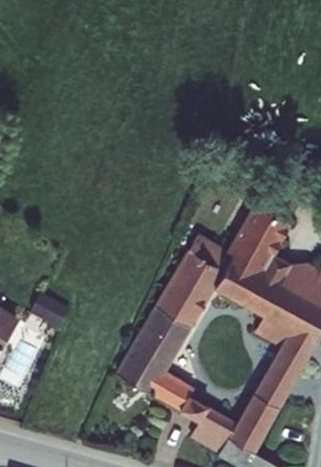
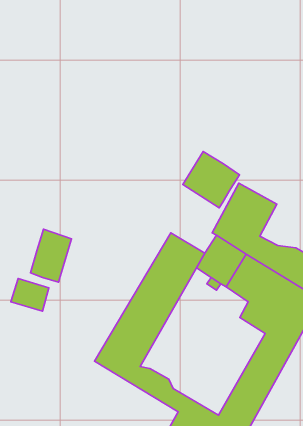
building: none -> [183,151,239,208]
building: none -> [30,229,72,282]

